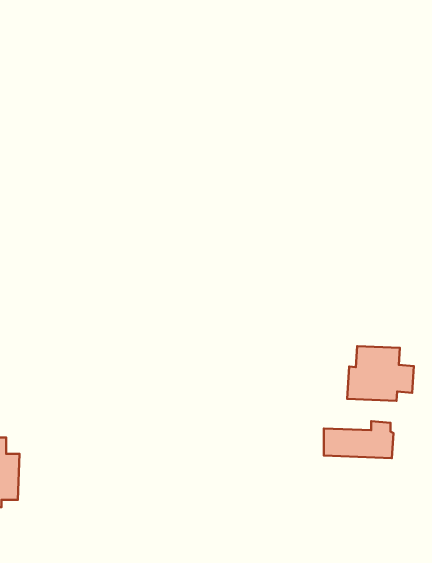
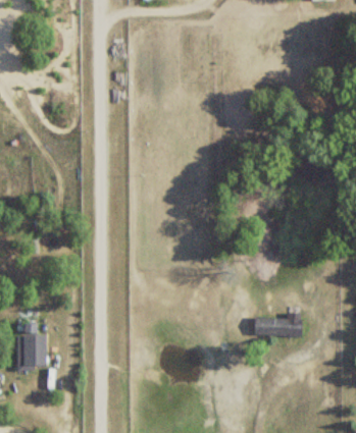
building: [347,346,414,401] -> none

